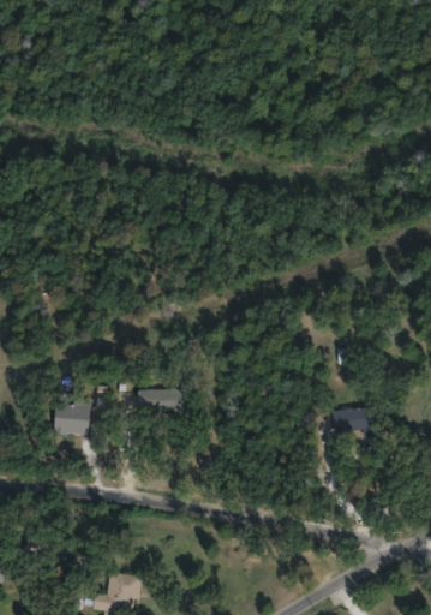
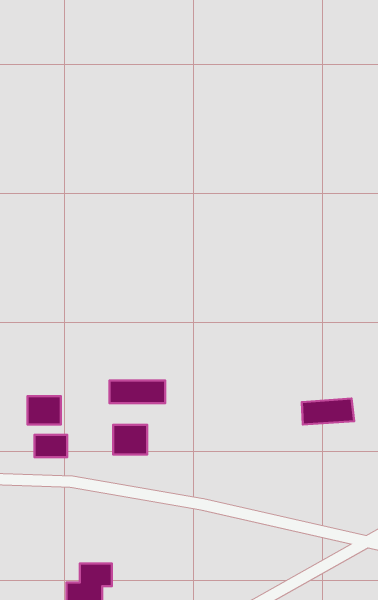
building: none -> [113,425,147,455]
building: none -> [34,435,67,457]

